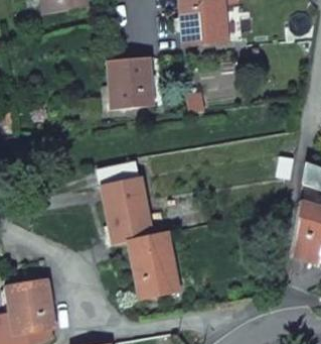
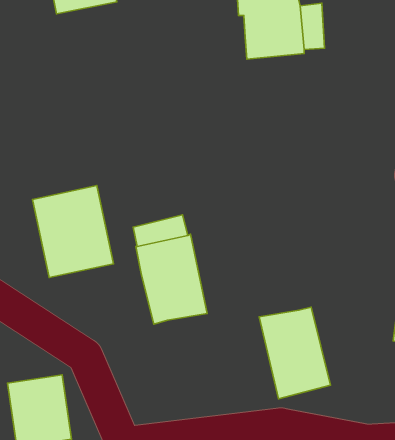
building: [107,59,152,111] -> none
building: none -> [32,186,114,278]
building: [126,233,178,301] -> [259,307,330,399]

